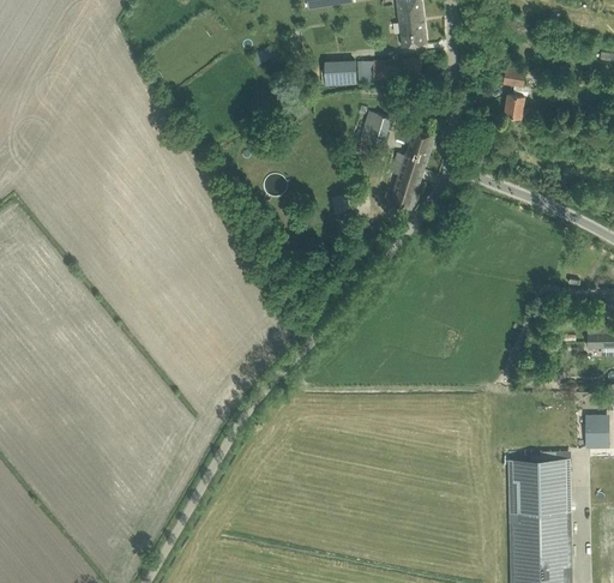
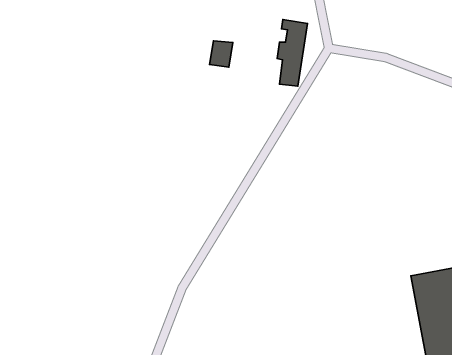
building: [359,113,391,148] -> [209,41,233,67]

